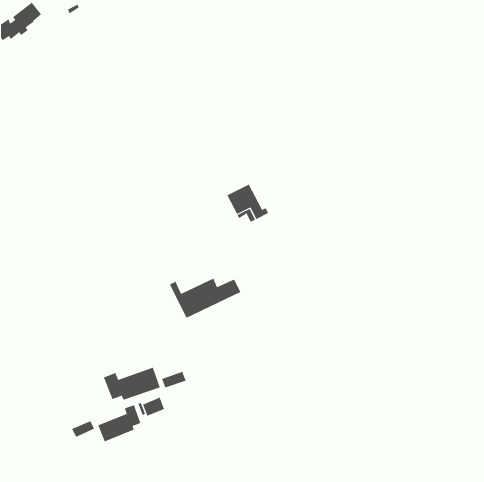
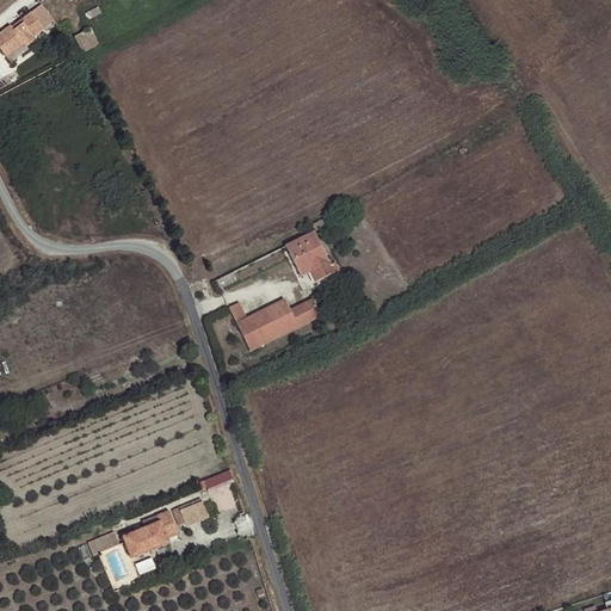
building: [169,278,241,319] -> [229,298,320,350]
building: [103,367,161,401] -> none

